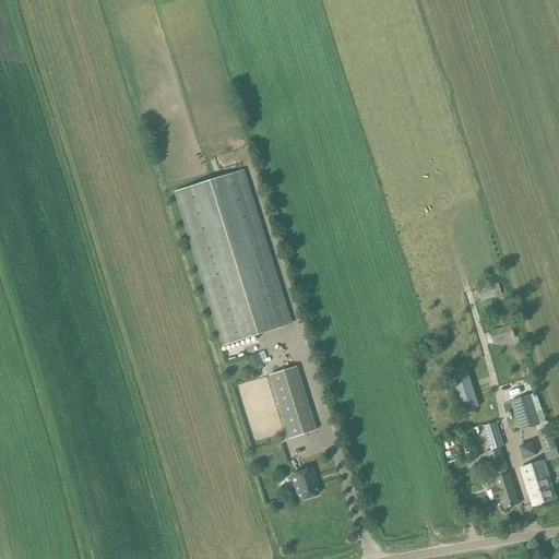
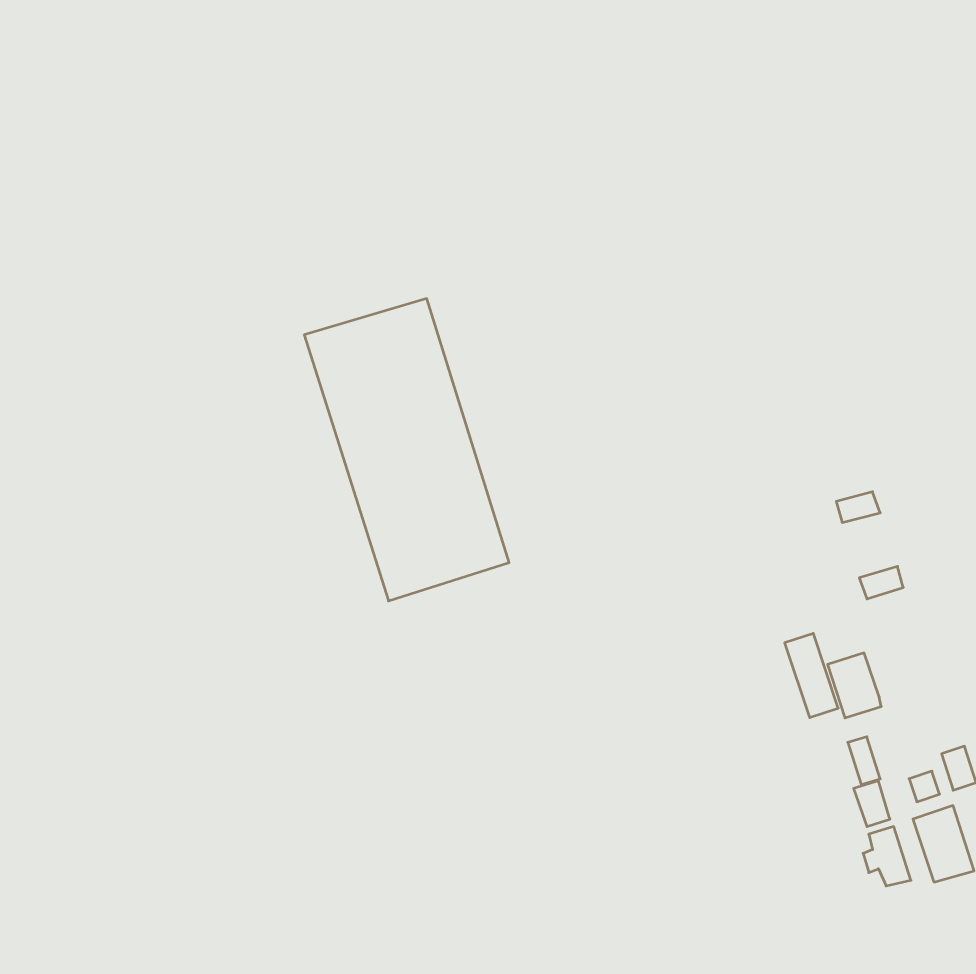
building: [271,366,317,437] -> none
building: [511,392,542,429] -> [828,653,881,718]
building: [290,467,319,498] -> none

